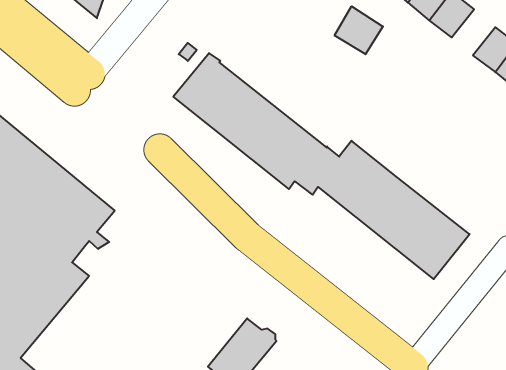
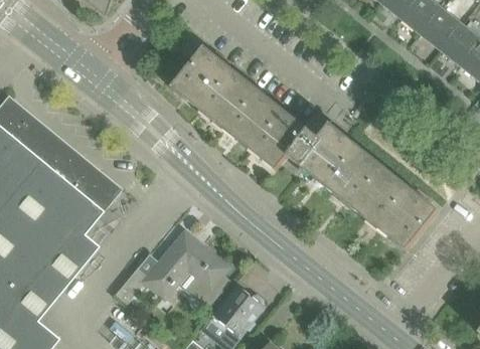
building: [335,6,383,54] -> none
building: none -> [423,9,462,50]
building: none -> [117,233,230,309]

